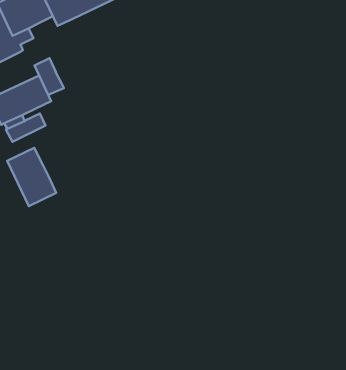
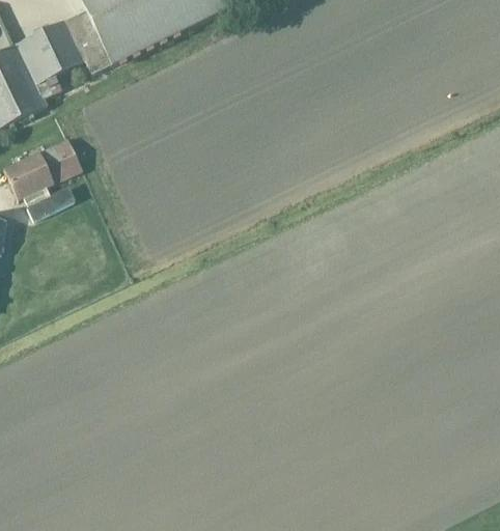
building: [34,58,64,95] -> none
building: [7,148,56,206] -> none

